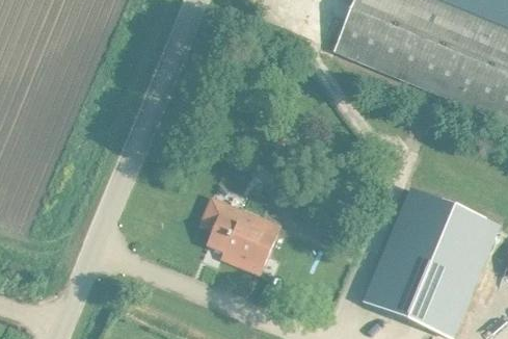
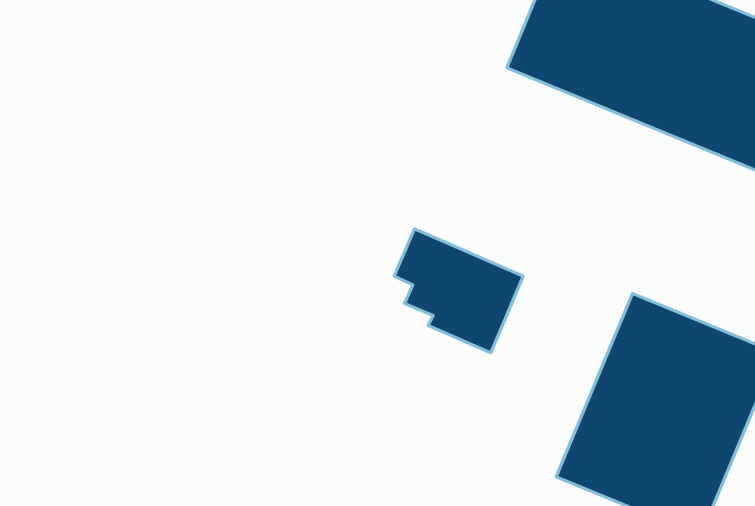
building: [202,198,280,273] -> [394,229,523,353]

